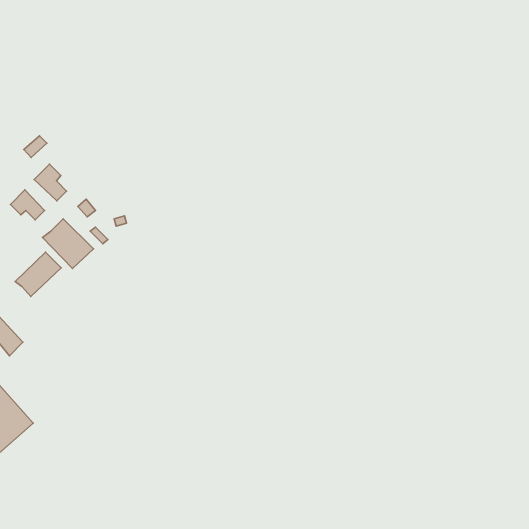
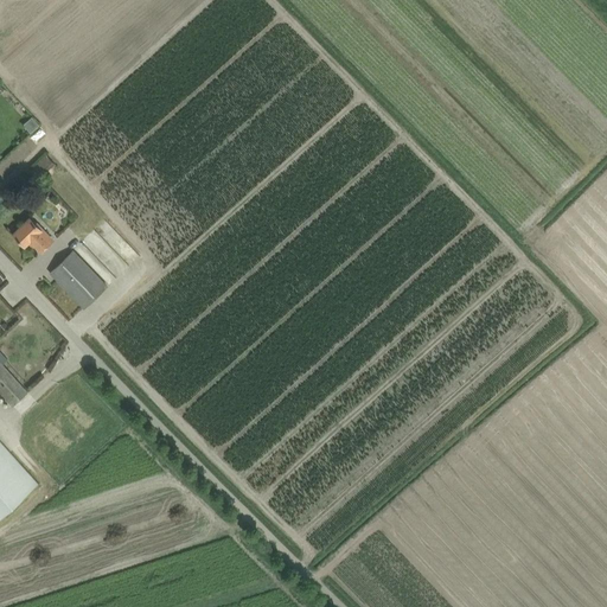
building: [34,164,67,201] -> none
building: [15,252,61,296] -> none

